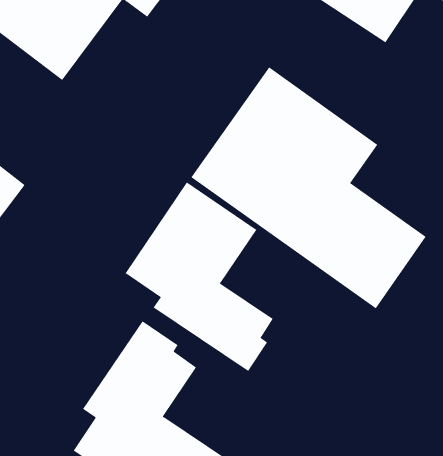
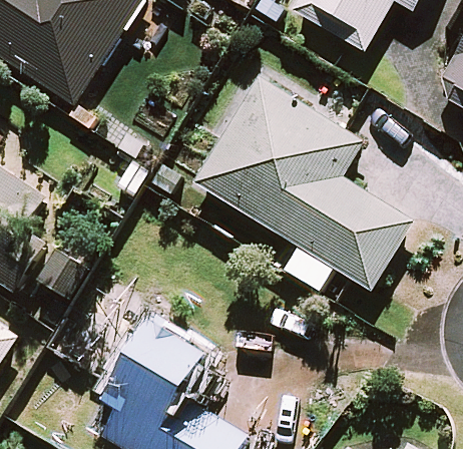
building: [125,182,273,372] -> none

